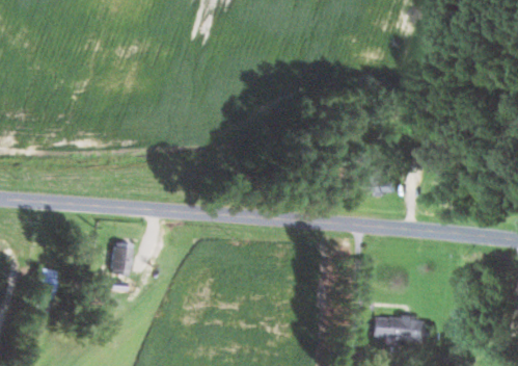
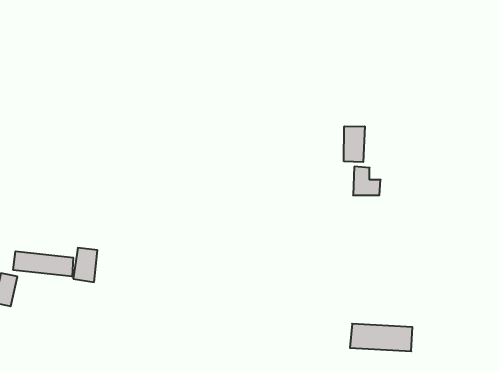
building: none -> [344,126,365,162]
building: none -> [13,251,73,277]

